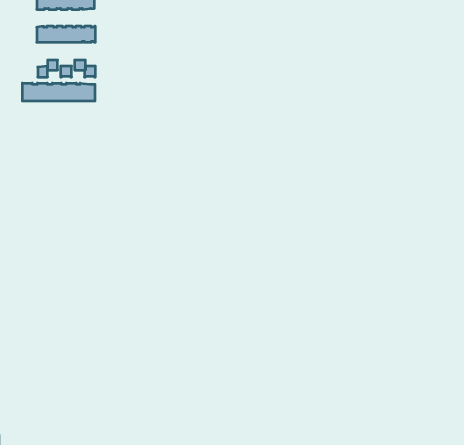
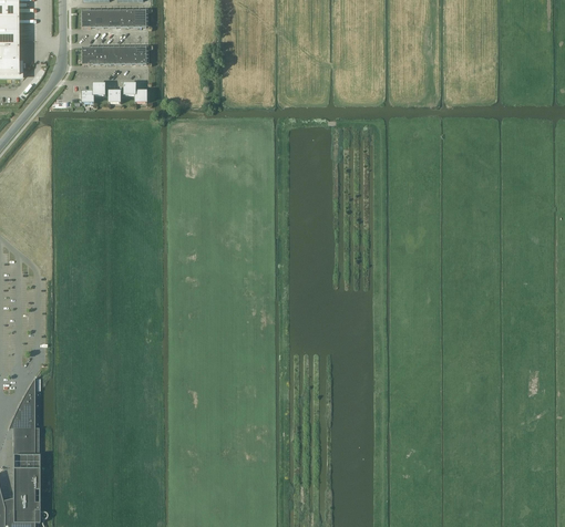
building: [22,83,95,101] -> none

